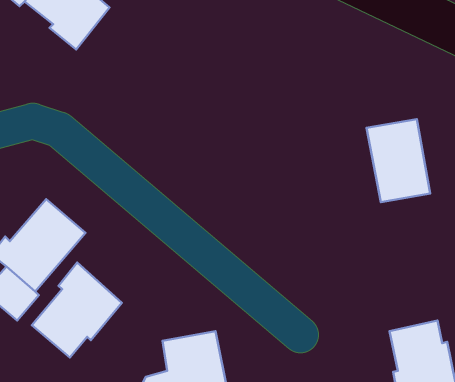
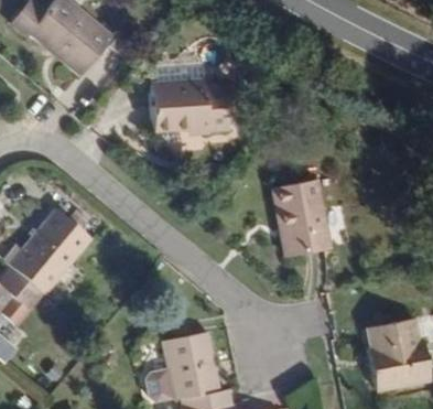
building: none -> [147,80,226,127]
building: [367,119,430,202] -> [277,177,335,254]
building: [32,263,122,357] -> none

